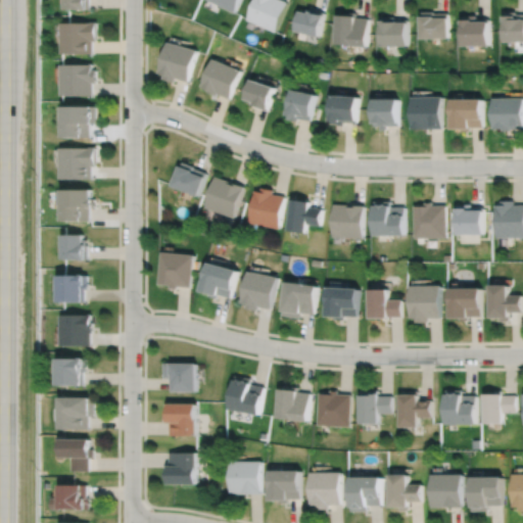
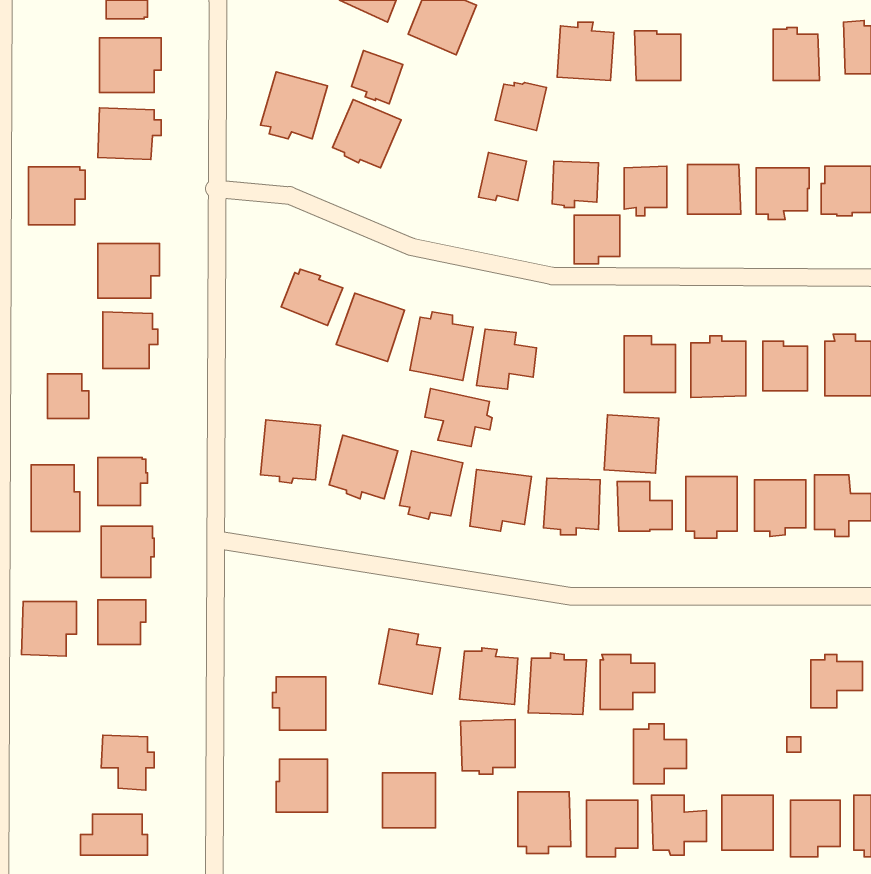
building: [291,11,322,40] -> [495,82,547,130]
building: [419,14,447,42] -> none
building: [243,81,274,112] -> [351,51,403,104]
building: [61,103,95,138] -> [29,167,85,225]
building: none -> [574,215,620,264]
building: [329,203,362,238] -> [604,415,659,473]
building: none -> [425,389,492,447]
building: [62,233,87,259] -> [48,374,89,418]
building: none -> [31,465,80,532]
building: [160,363,194,391] -> none
building: [443,390,475,424] -> none
building: [398,391,430,427] -> [633,724,687,784]
building: [60,397,93,430] -> [22,601,76,656]
building: [267,471,299,504] -> [460,719,515,774]

